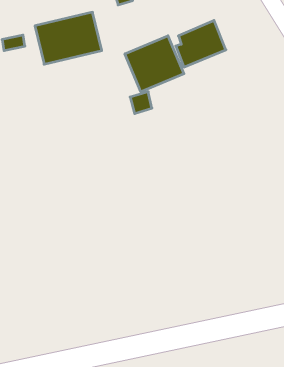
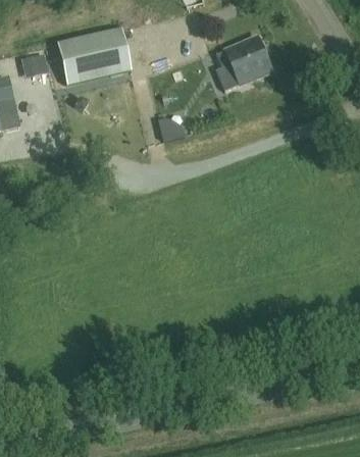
building: [125,36,184,92] -> none

